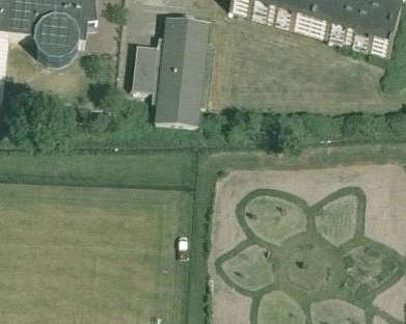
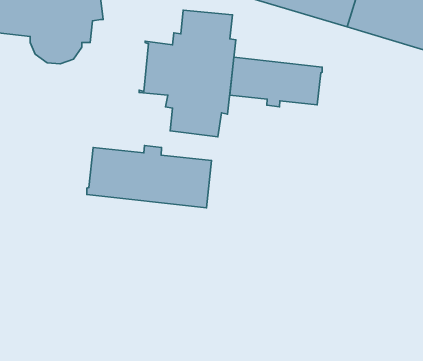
building: none -> [230,57,322,107]
building: none -> [87,145,212,208]

